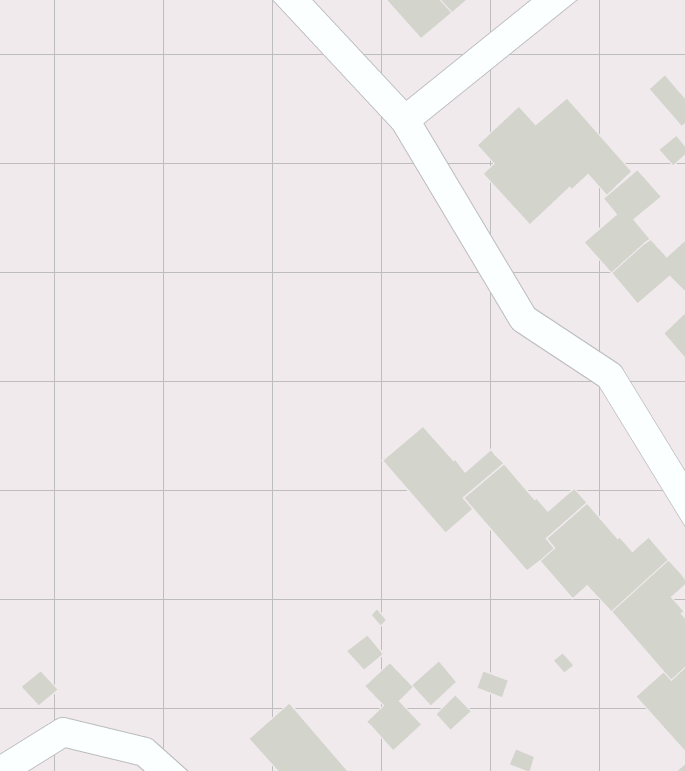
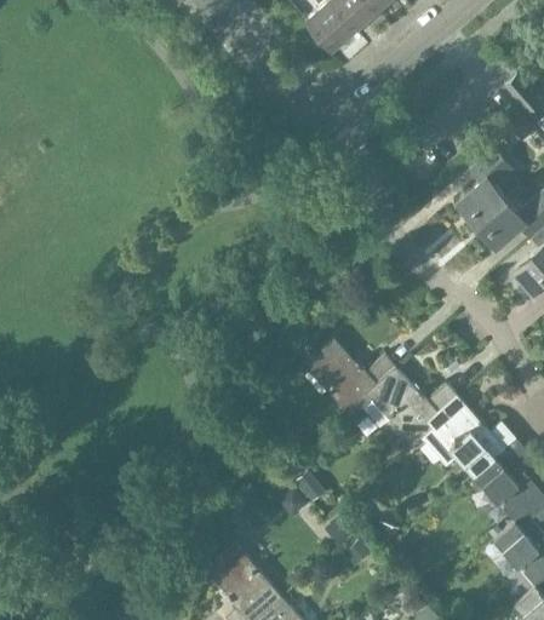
building: [477,98,632,225] -> none
building: [364,663,422,751] -> none

